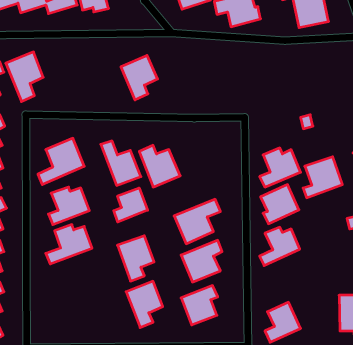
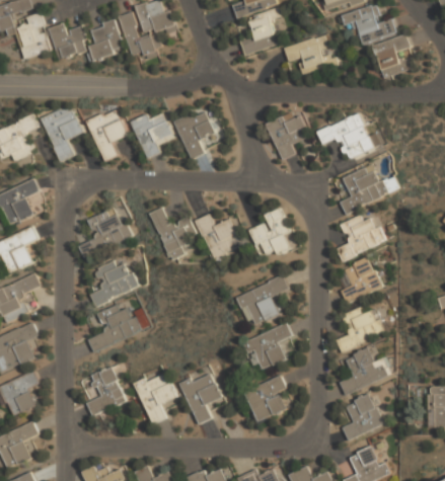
building: none -> [86,107,129,161]
building: none -> [131,108,174,158]
building: none -> [266,113,307,161]
building: none -> [316,114,373,160]
building: none -> [250,208,293,256]
building: [303,157,342,198] -> [340,165,385,213]
building: [114,188,148,222] -> none
building: [117,236,154,281] -> [135,372,177,424]
building: none -> [339,349,391,395]
building: none -> [86,367,127,414]

